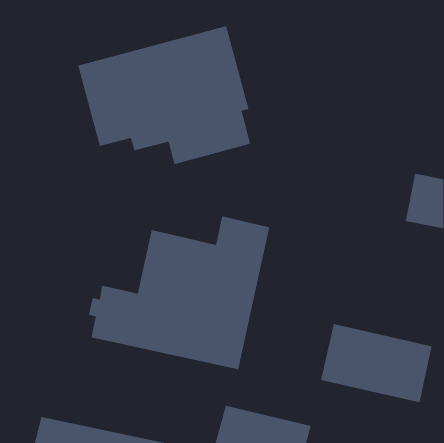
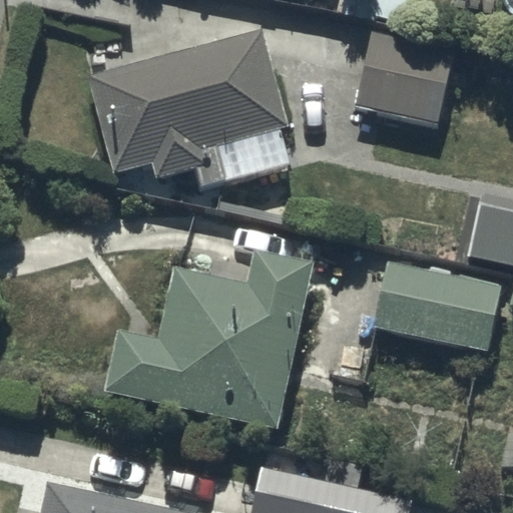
building: none -> [354,43,489,128]
building: [320,323,432,403] -> [373,259,502,351]

